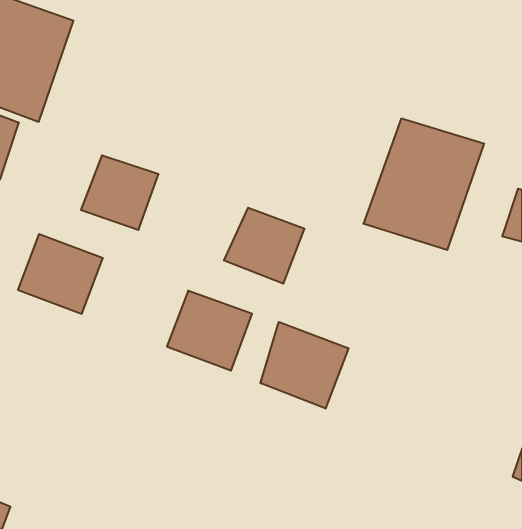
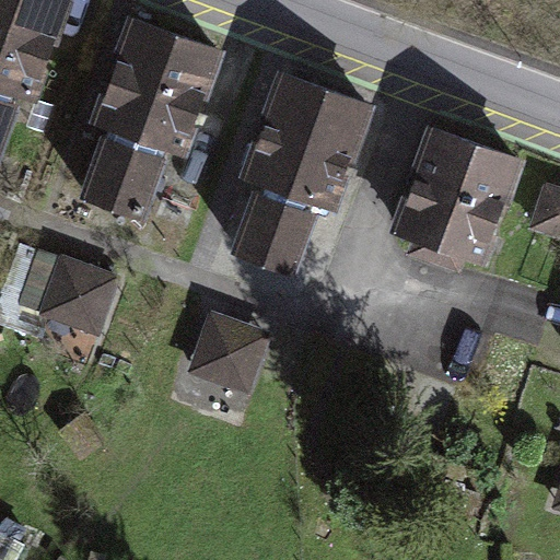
building: none -> [95,36,230,180]
building: none -> [238,71,357,210]
building: [260,322,348,409] -> none

